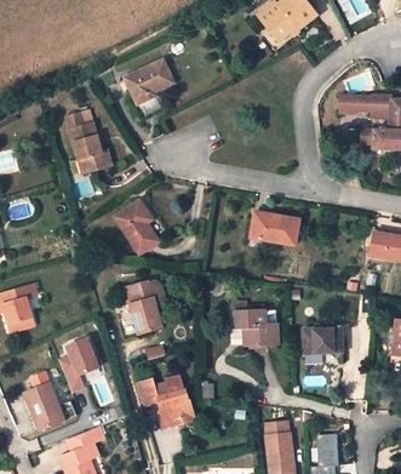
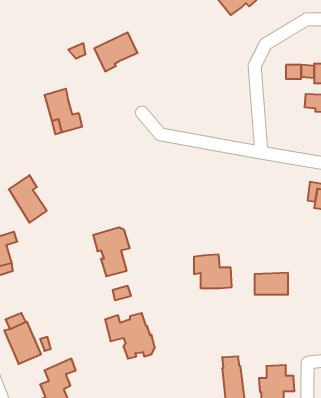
building: [115,200,157,253] -> [9,175,47,223]
building: [251,213,298,244] -> none
building: [58,332,102,392] -> none

